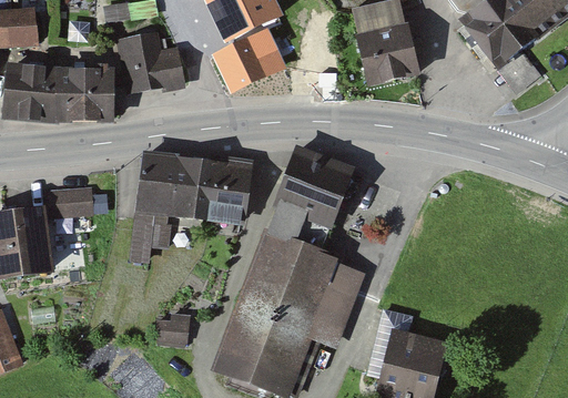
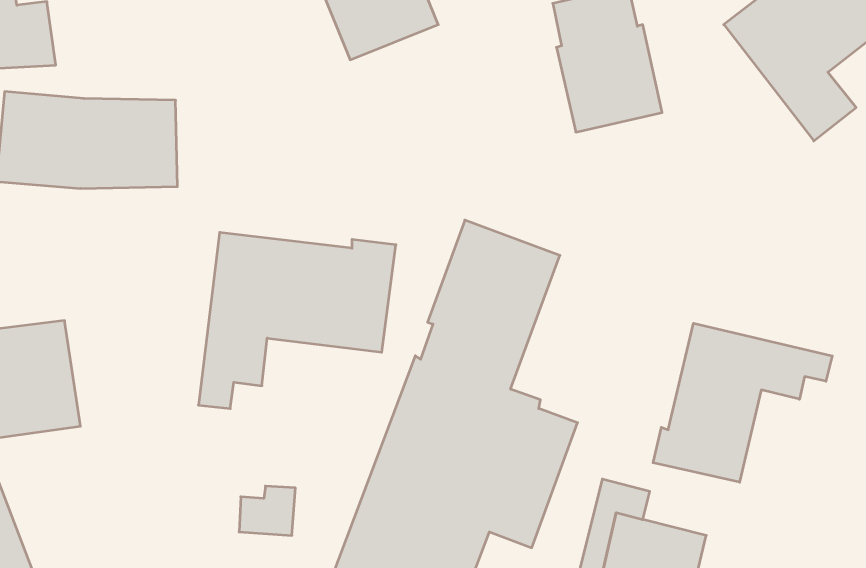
building: [214,27,288,92] -> none
building: [116,30,185,92] -> none
building: [47,184,93,216] -> none
building: none -> [653,323,832,482]

